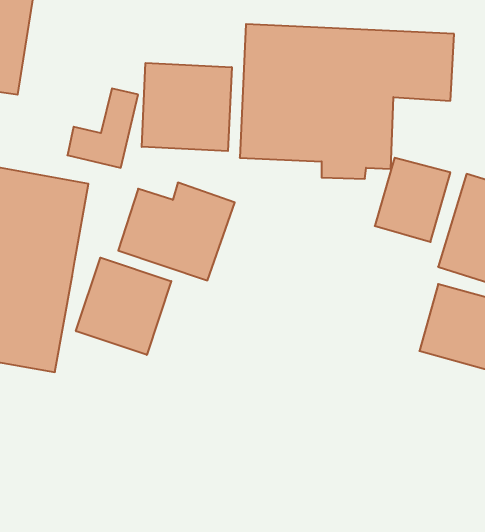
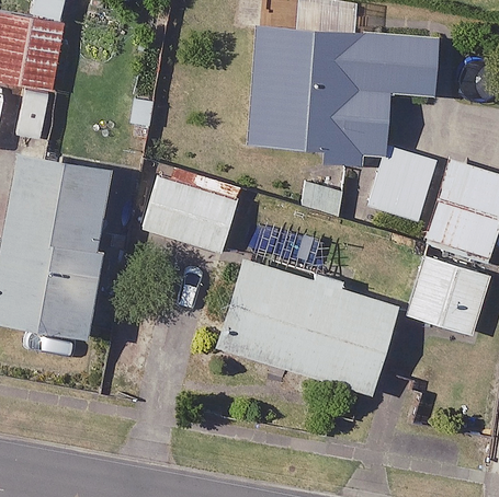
building: [142,63,232,151] -> none
building: [76,258,171,355] -> none
building: none -> [216,261,398,411]

